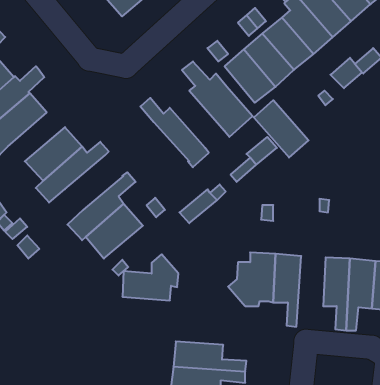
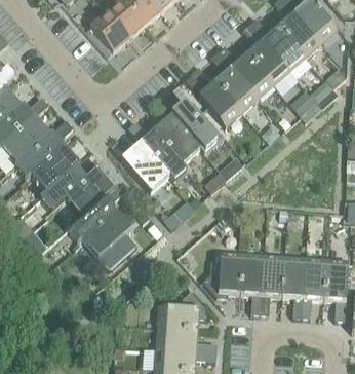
building: none -> [14,120,73,179]
building: [254,100,309,158] -> [153,115,199,163]
building: none -> [121,142,169,191]
building: none -> [65,170,114,216]
building: [122,254,178,300] -> [158,291,205,330]
building: none -> [260,255,284,315]

